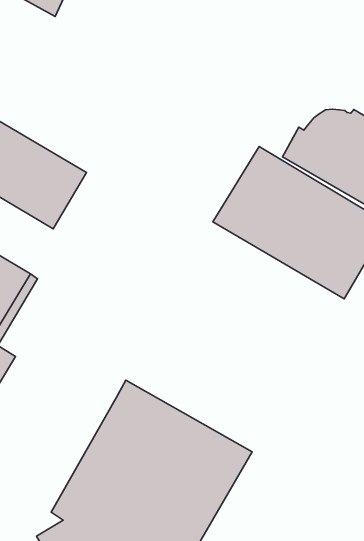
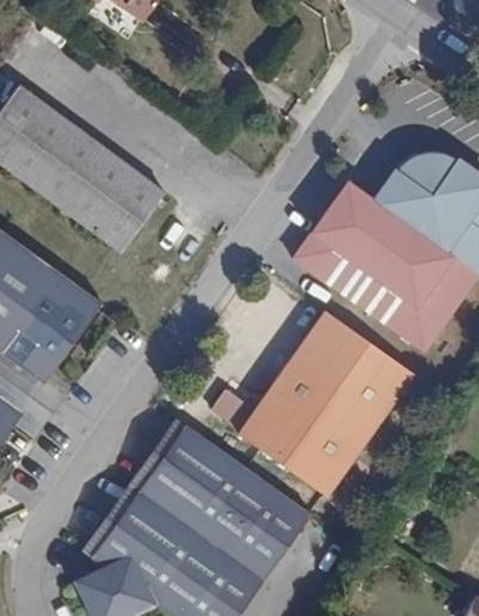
building: none -> [236,308,412,493]

